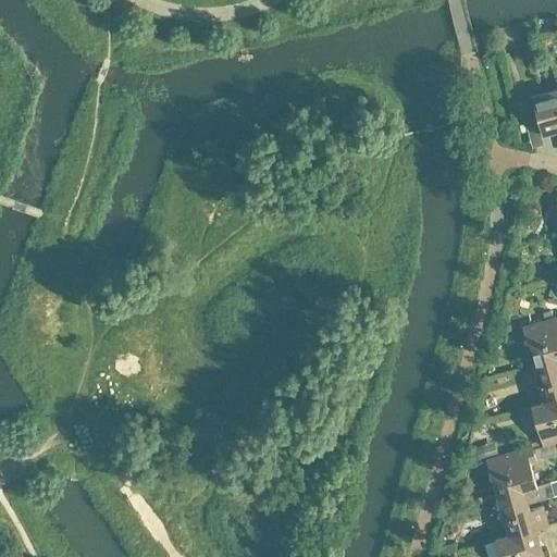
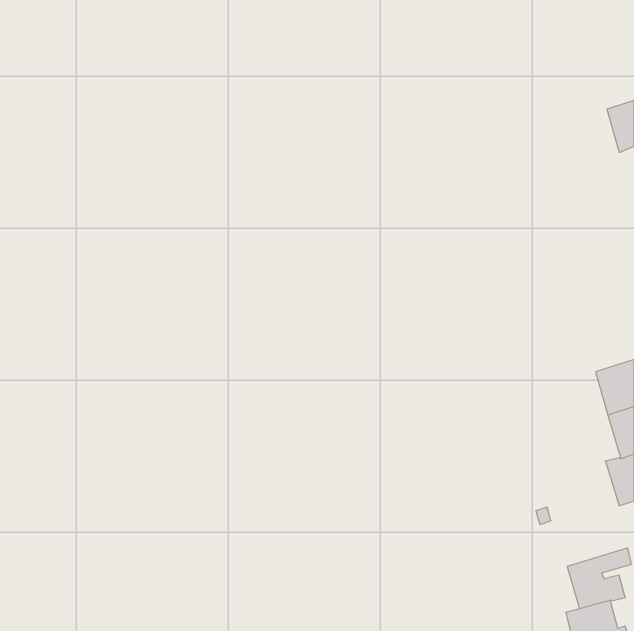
building: [486,448,536,499] -> none

